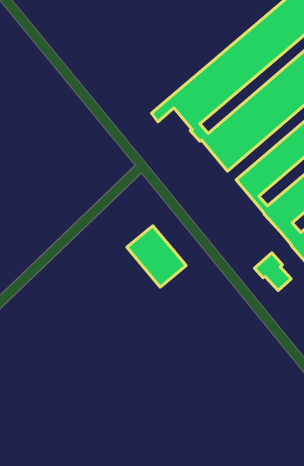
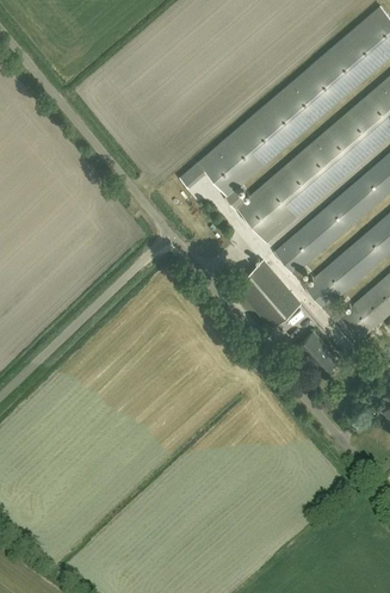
building: [127,226,186,287] -> [234,261,299,329]

